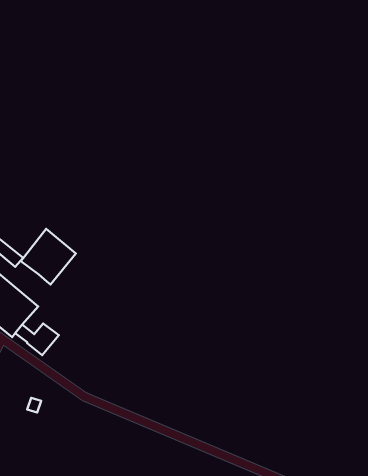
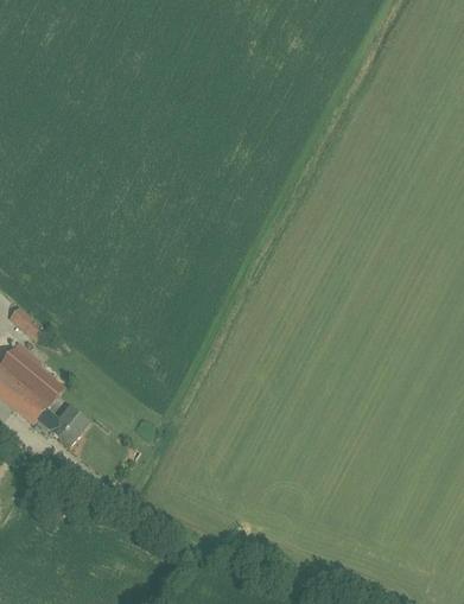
building: [21,229,76,285] -> none

